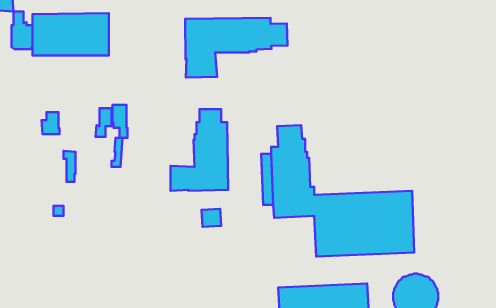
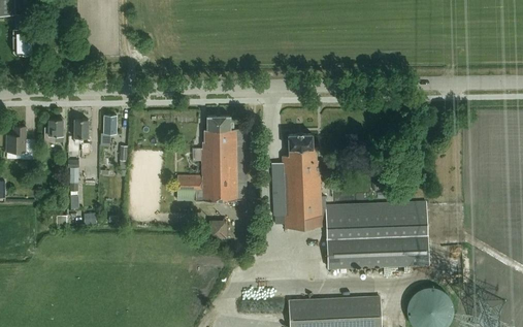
building: [33,13,109,56] -> none
building: [185,18,288,78] -> none
building: [112,105,127,138] -> [74,119,90,153]
building: none -> [7,126,35,159]

